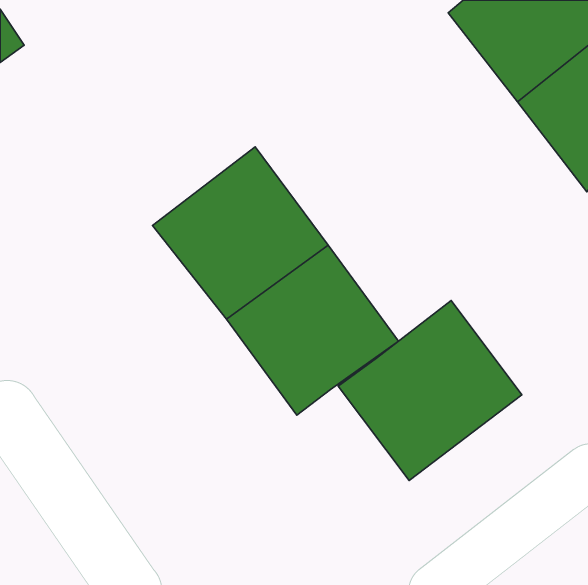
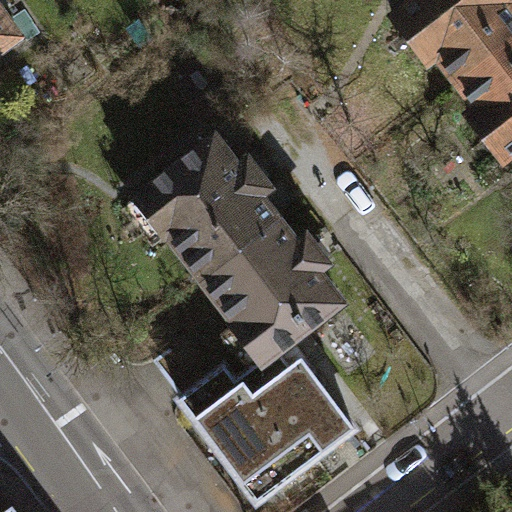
building: [338,300,522,481] -> none
building: none -> [185,342,356,502]

